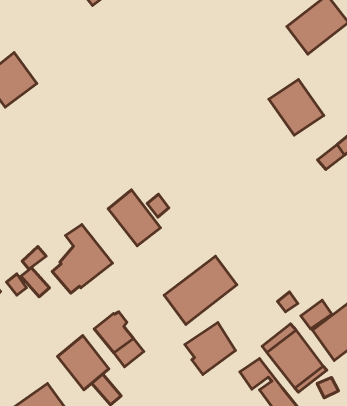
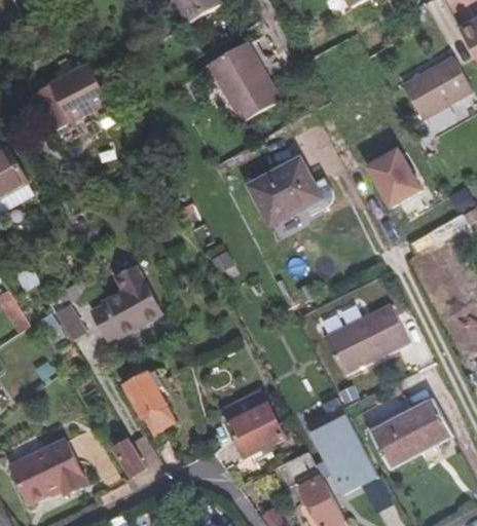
building: none -> [209,41,281,119]
building: none -> [250,160,319,226]
building: [108,190,160,246] -> none
building: [164,256,237,325] -> [325,304,408,375]
building: [58,336,109,390] -> none

